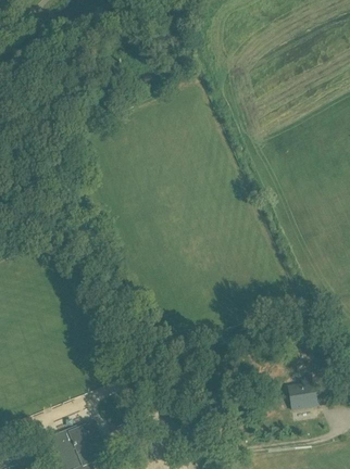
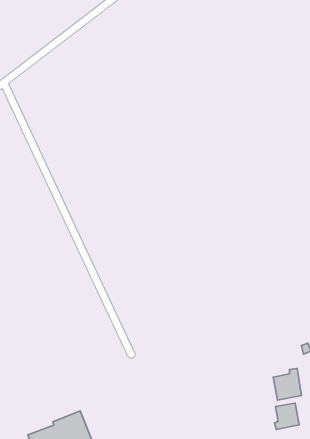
building: none -> [275,403,299,429]

